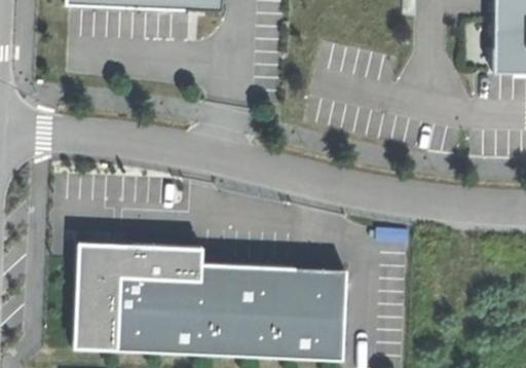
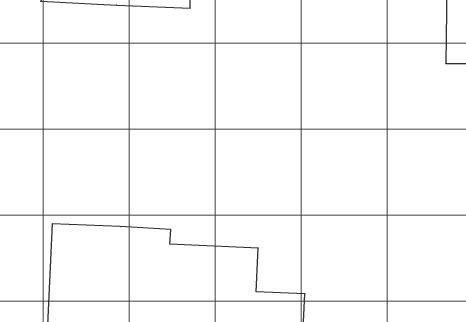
building: [294,266,347,315] -> none

